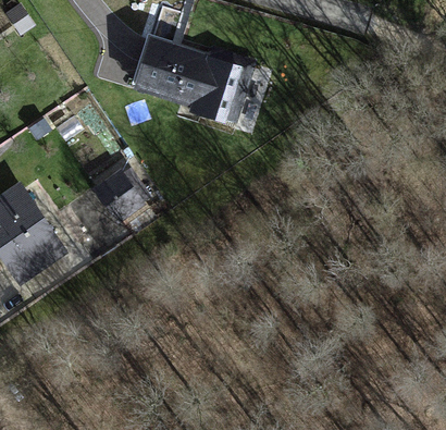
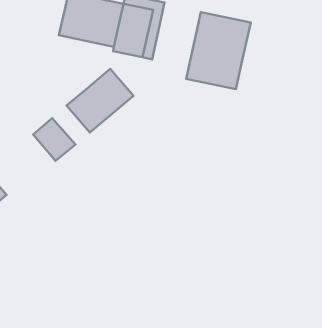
building: none -> [186,12,251,89]
building: none -> [66,69,133,132]

